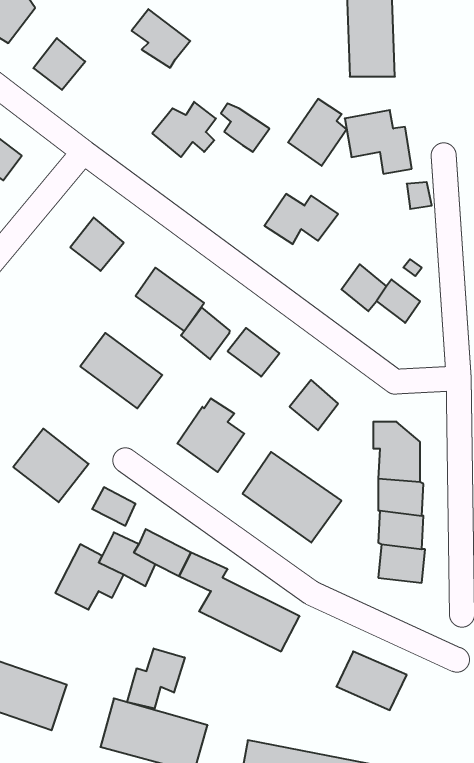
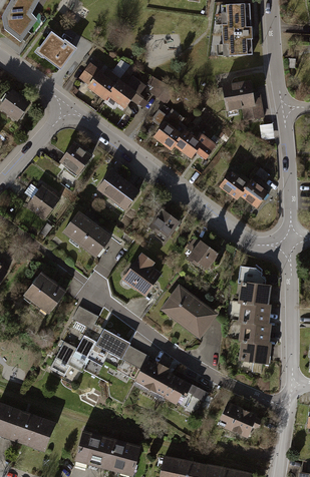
building: [132,9,190,68] -> [80,63,115,98]
building: [288,99,347,166] -> [153,108,189,148]
building: none -> [26,184,59,217]
building: [181,308,230,359] -> none
building: [127,648,185,708] -> none

